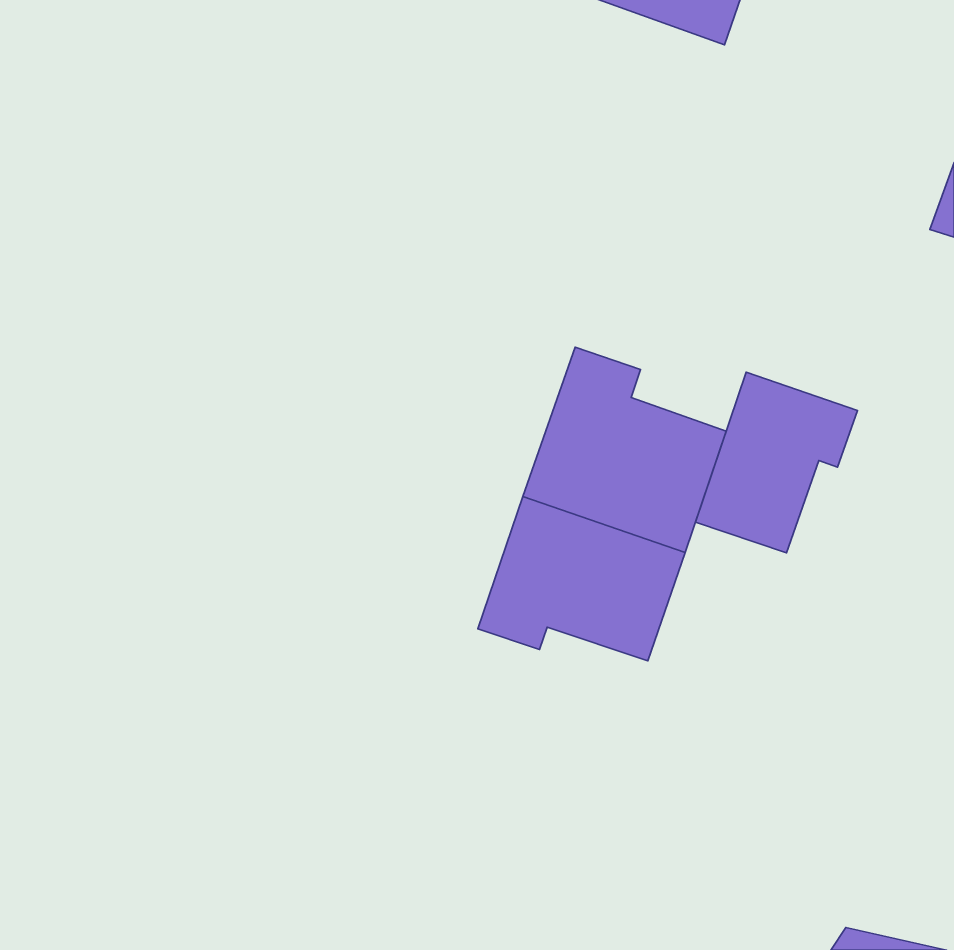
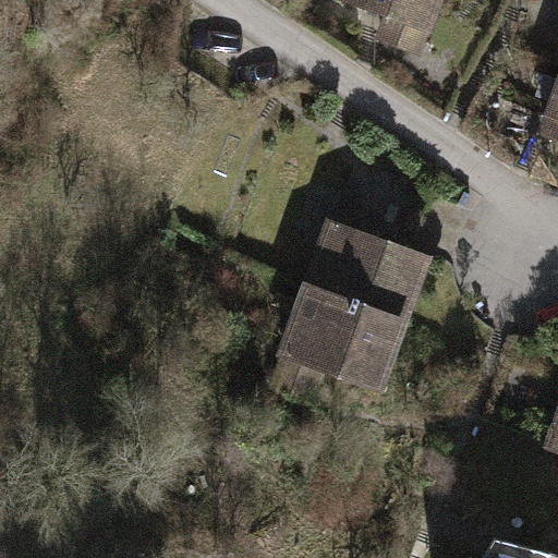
building: [695,372,857,553] -> none

